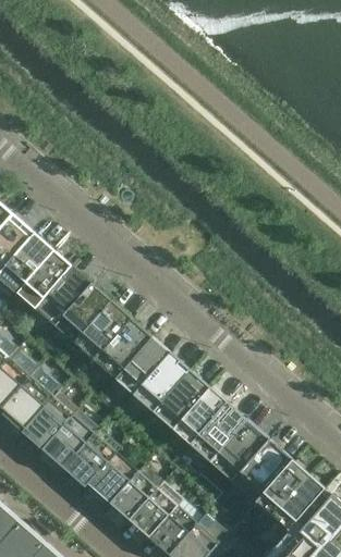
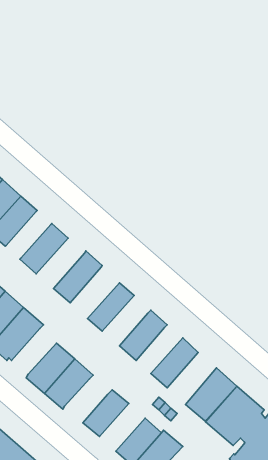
building: [19,253,72,309] -> none
building: [54,285,112,345] -> none
building: [94,320,154,381] -> none
building: [133,354,191,413] -> none
building: [173,388,229,446] -> none
building: [25,393,78,447] -> none
building: [210,421,269,483] -> none
building: [88,453,139,505] -> none
building: [130,482,184,539] -> none

